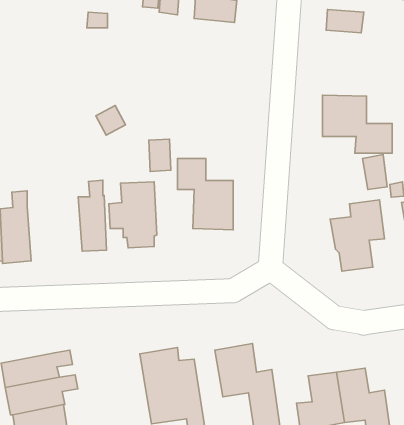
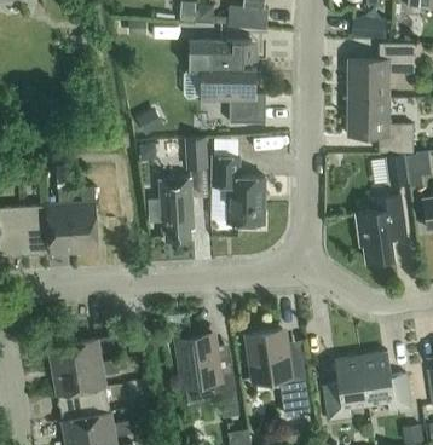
building: none -> [183,42,265,123]
building: none -> [347,45,412,99]
building: [78,180,107,251] -> [71,186,98,253]

